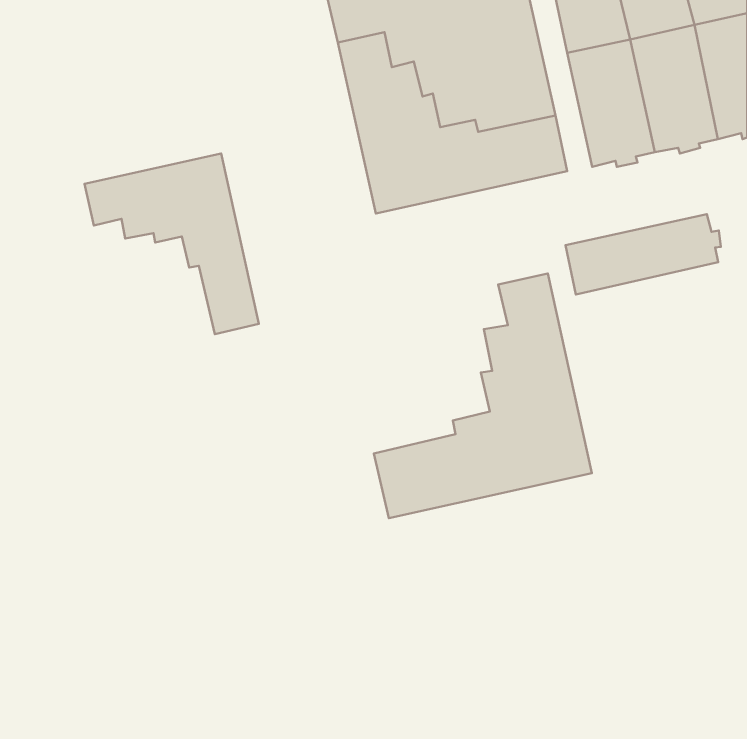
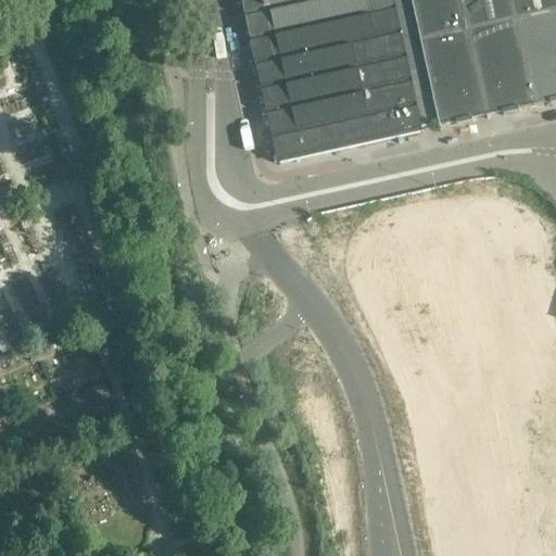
building: [84,154,259,334] -> none
building: [566,214,721,295] -> none
building: [374,273,592,518] -> none

